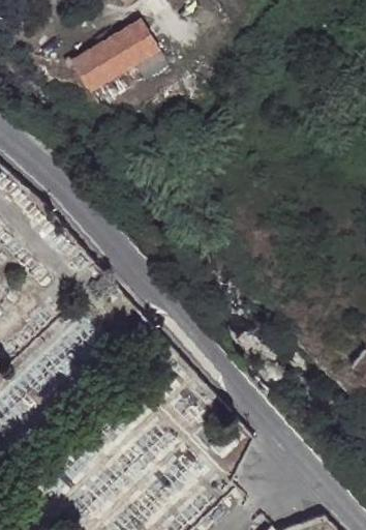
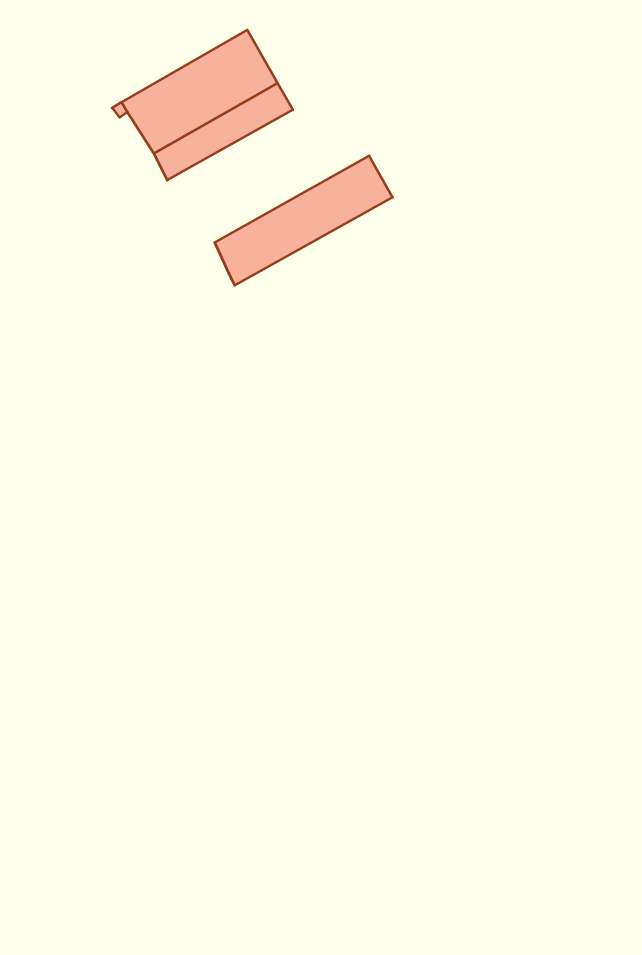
building: none -> [215,156,393,285]

